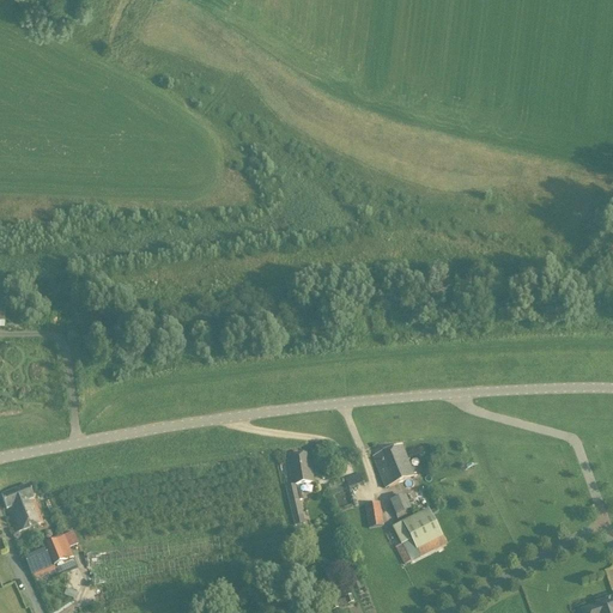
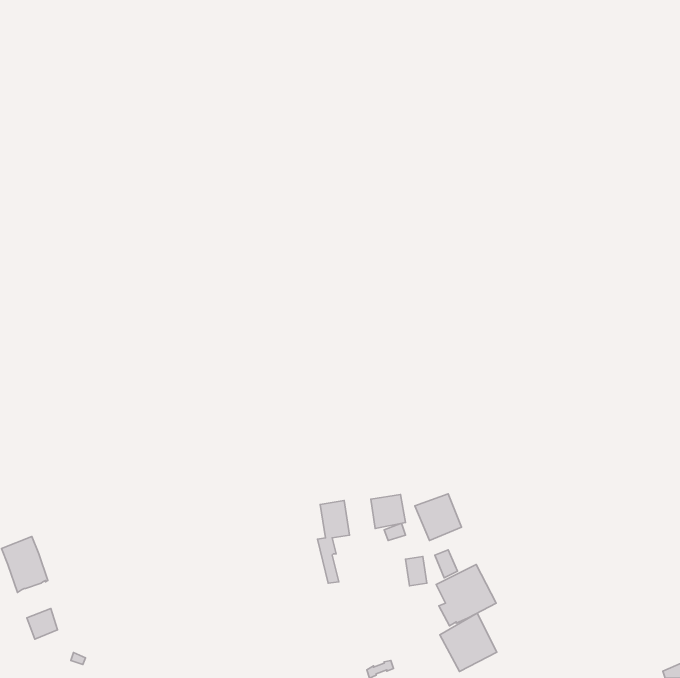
building: none -> [371,495,405,528]
building: [45,530,78,563] -> none
building: none -> [440,613,497,671]

